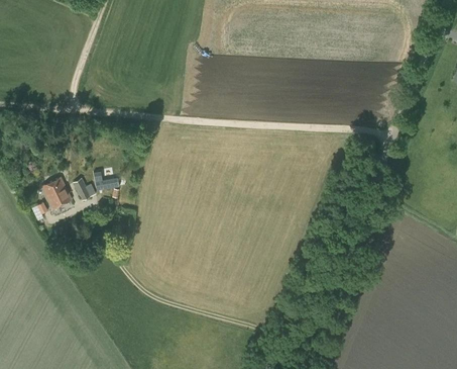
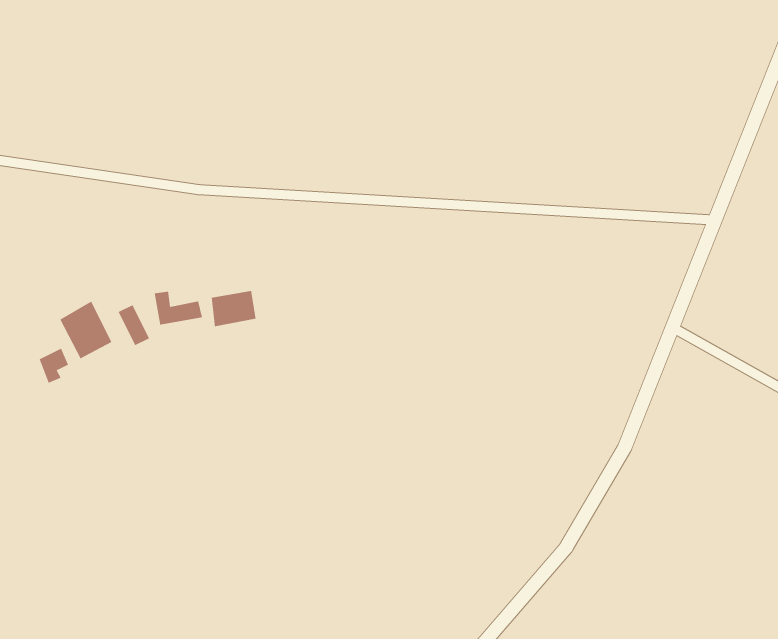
building: none -> [211,290,256,327]

